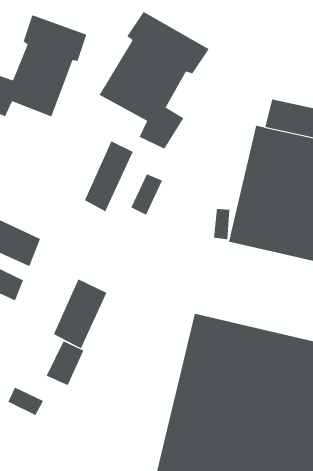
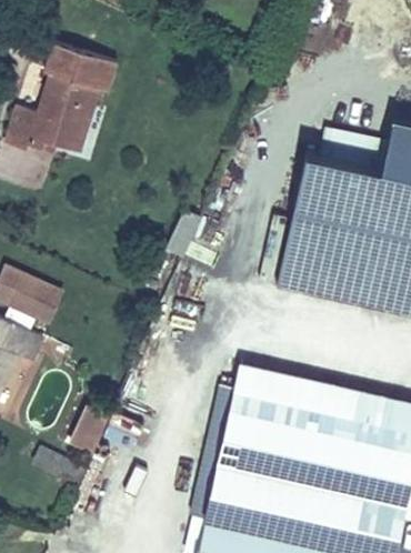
building: [99,11,209,150] -> none
building: [84,141,133,212] -> none
building: [53,278,107,349] -> none

